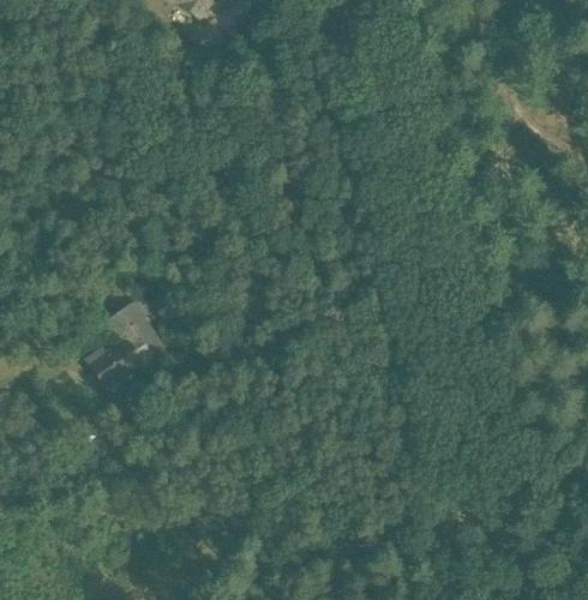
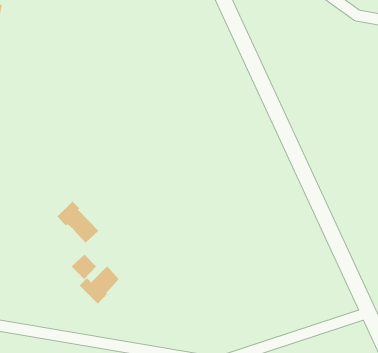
building: [85,332,139,380] -> [79,266,120,305]

